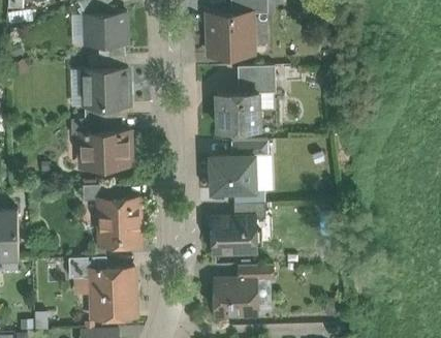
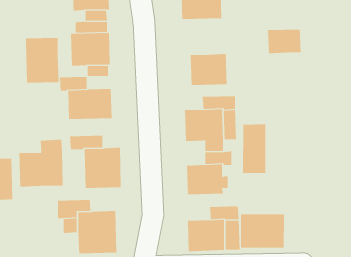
building: [237,66,275,94] -> [267,29,301,54]
building: none -> [25,37,59,84]
building: none -> [243,124,266,174]
building: none -> [19,139,63,187]
building: none -> [240,213,284,249]

